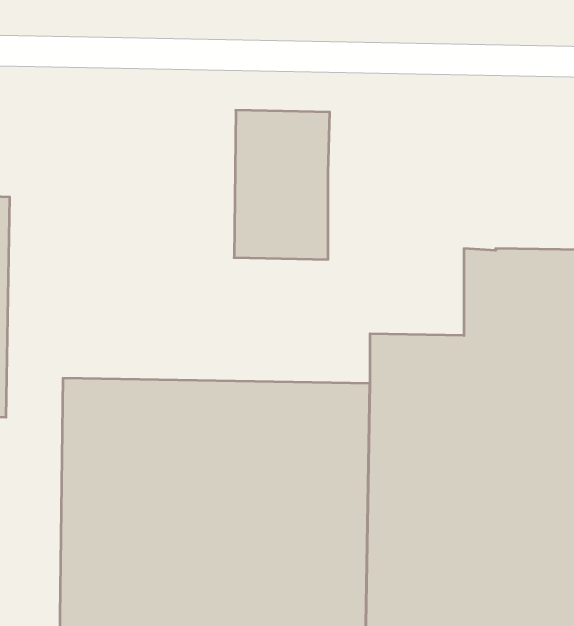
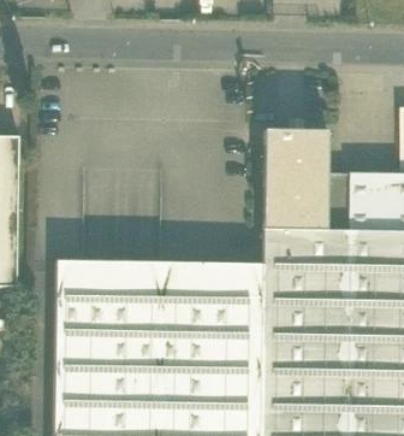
building: [234,110,330,259] -> [262,130,327,231]

